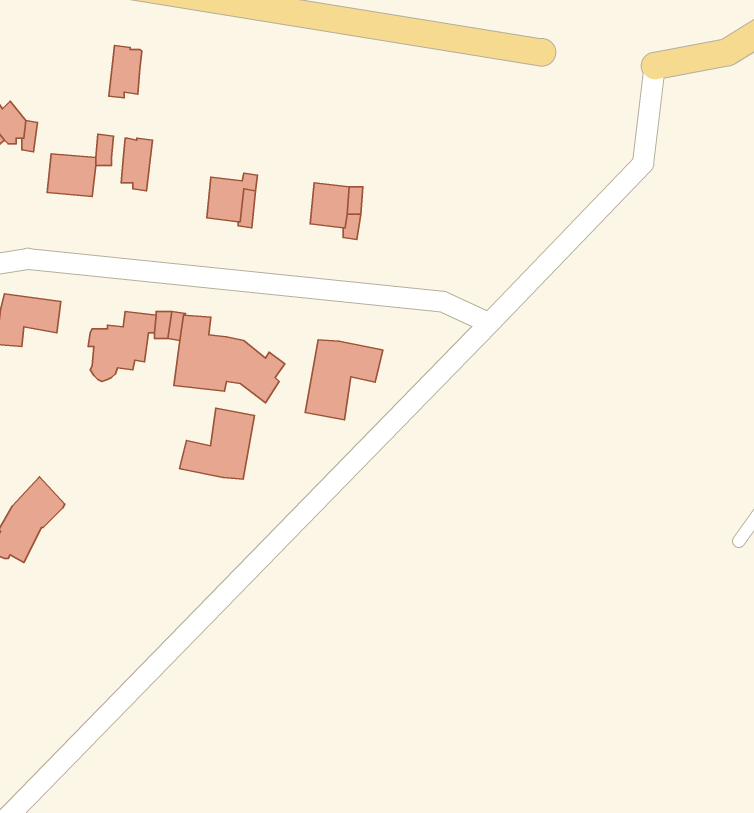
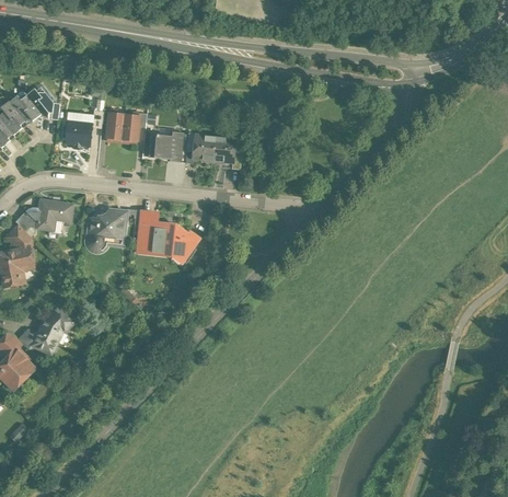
building: [109,45,142,98] -> [120,113,139,142]
building: none -> [193,135,215,160]
building: [305,340,383,420] -> none
building: [180,408,255,479] -> none

